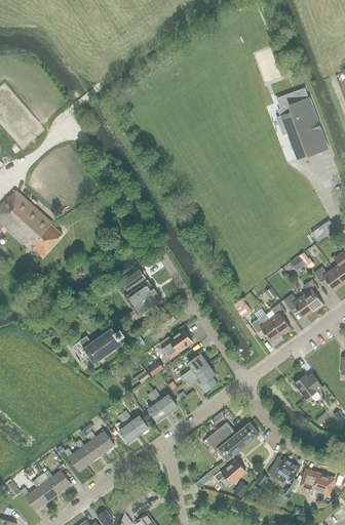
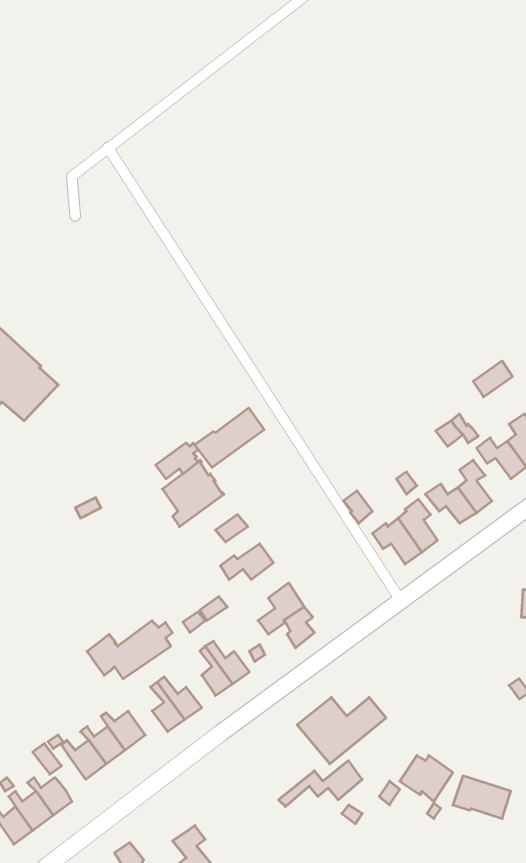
building: [277,88,329,158] -> none
building: none -> [194,408,264,467]
building: [73,327,124,362] -> [87,621,172,679]
building: [295,372,322,398] -> none

